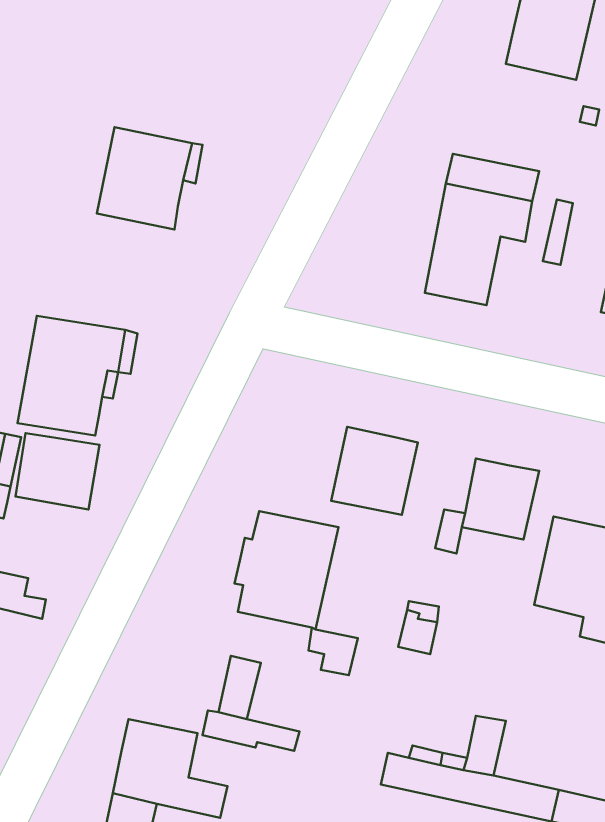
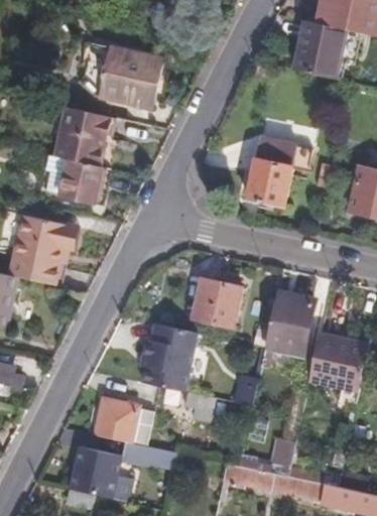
building: none -> [99,43,161,105]
building: none -> [46,154,103,200]
building: [15,433,99,509] -> none
building: none -> [90,396,135,440]

